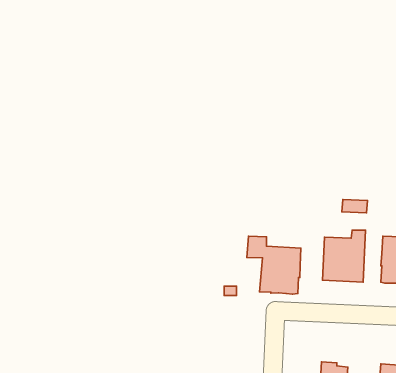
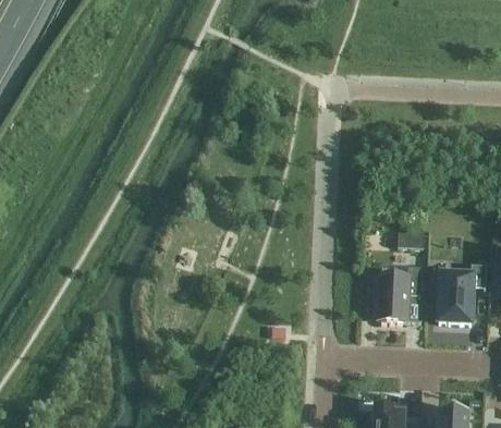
building: [247,236,301,294] -> none

